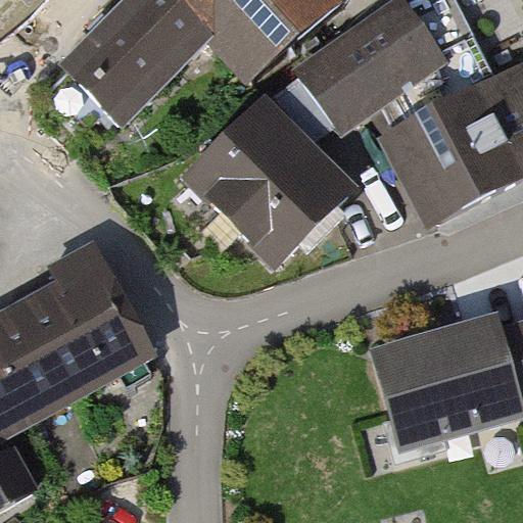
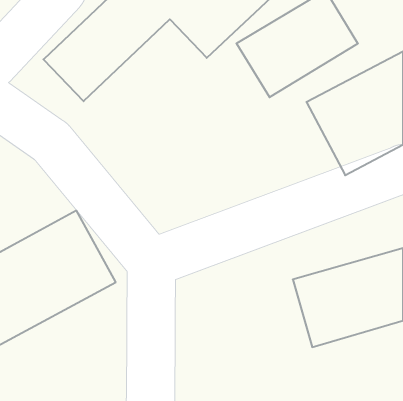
building: [182,88,363,269] -> none

